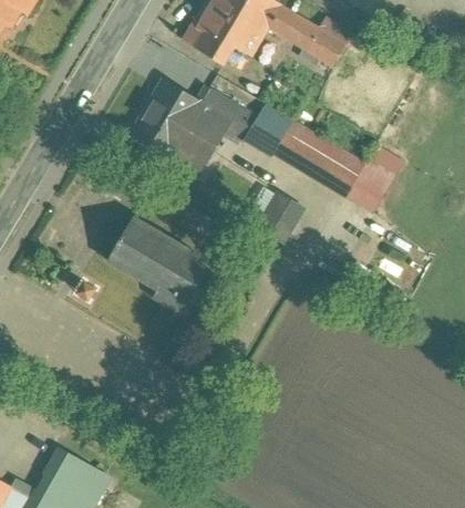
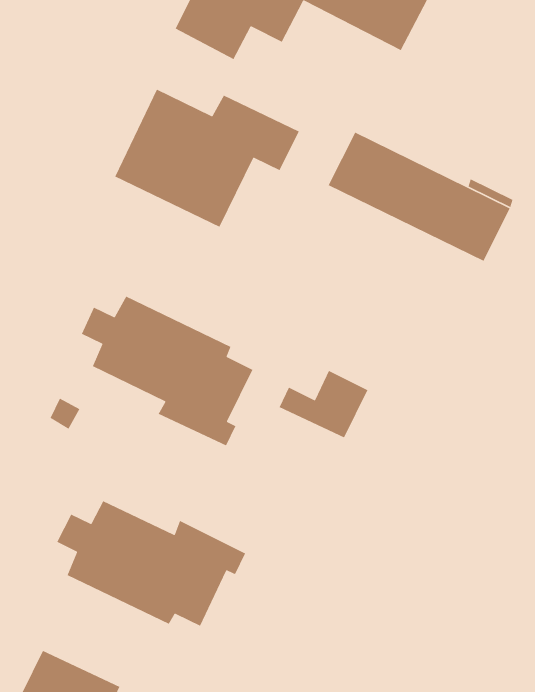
building: [244,103,296,159] -> none
building: [244,197,304,243] -> [279,370,369,438]
building: none -> [56,500,246,627]

